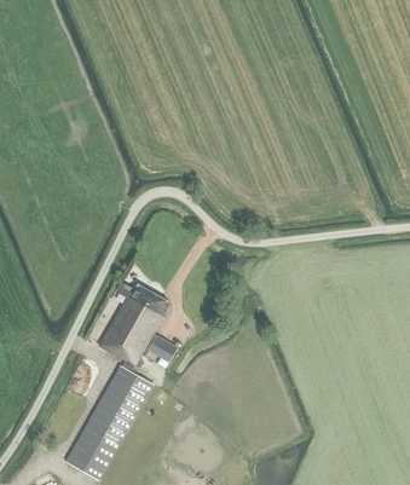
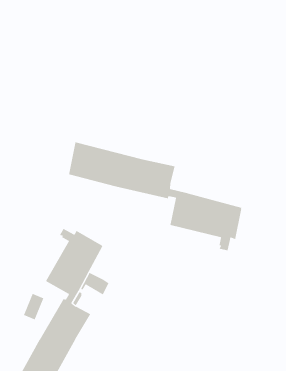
building: none -> [68,142,242,251]

